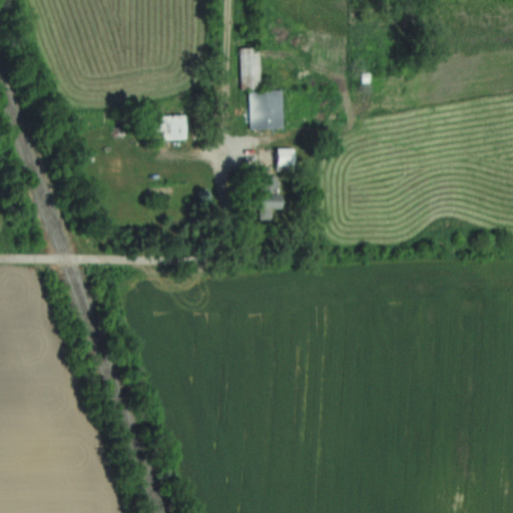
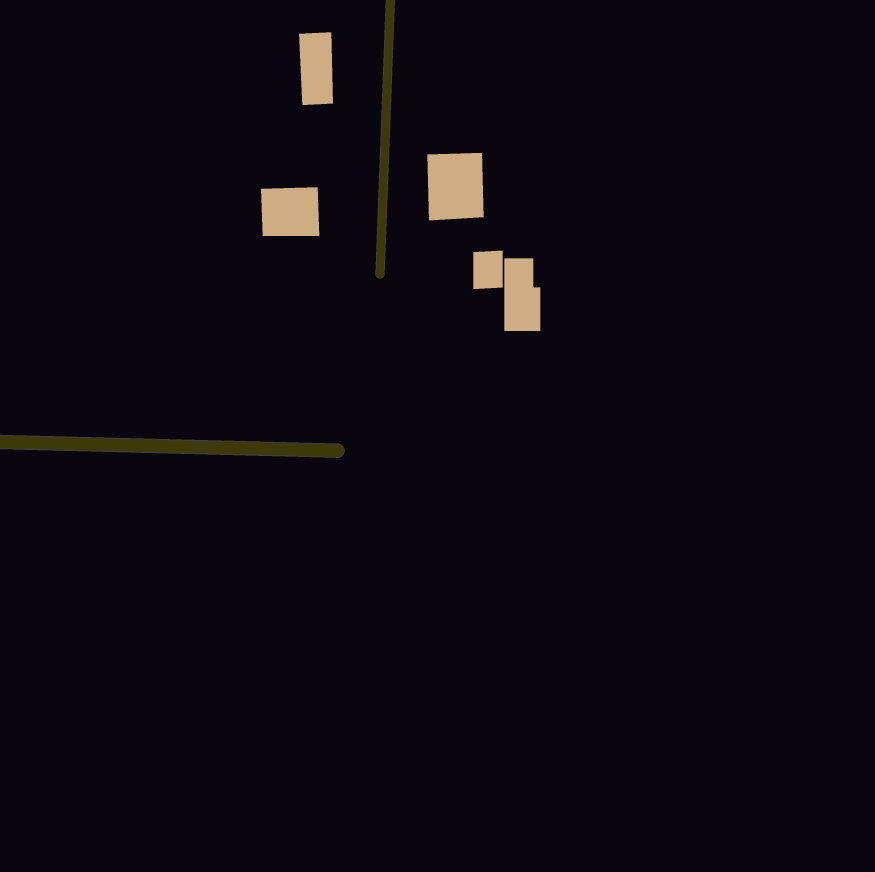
building: [240,48,262,91] -> [298,32,334,106]
building: [260,177,282,220] -> [503,258,541,331]

